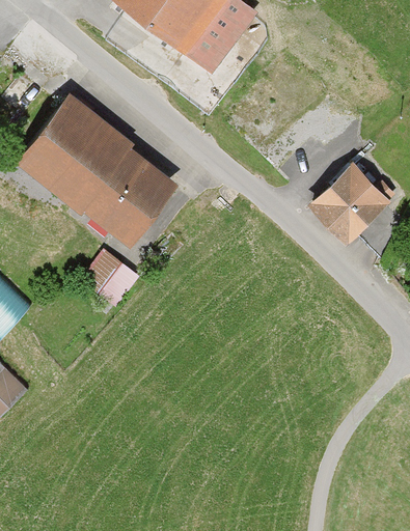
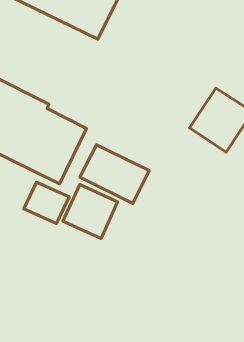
building: none -> [80,145,149,204]
building: none -> [63,184,117,238]

